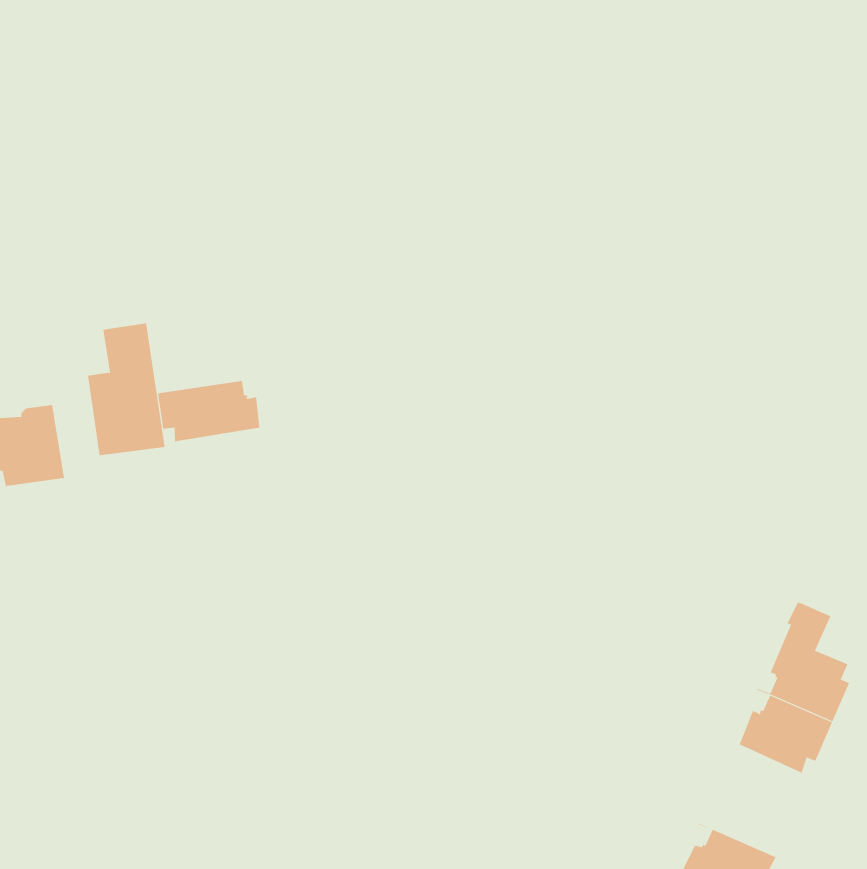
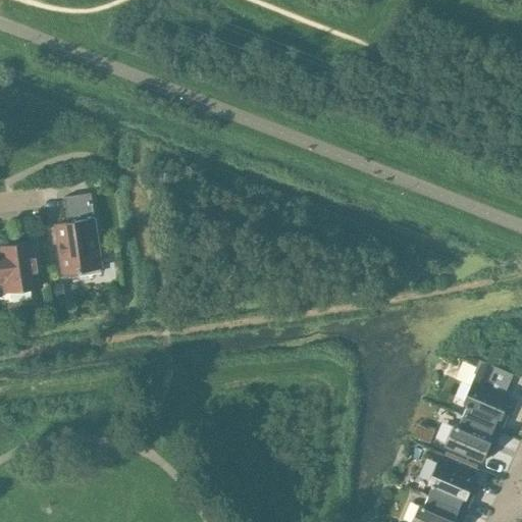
building: [157,380,260,442] -> none
building: none -> [417,463,473,514]

